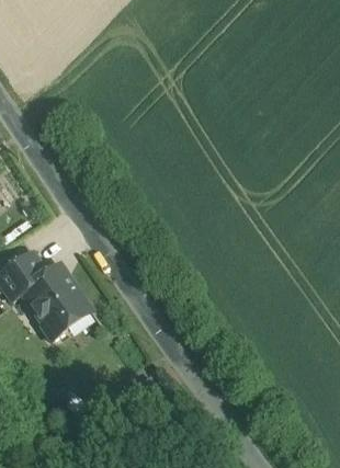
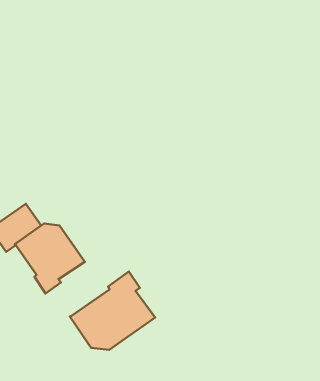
building: none -> [70,272,155,350]

